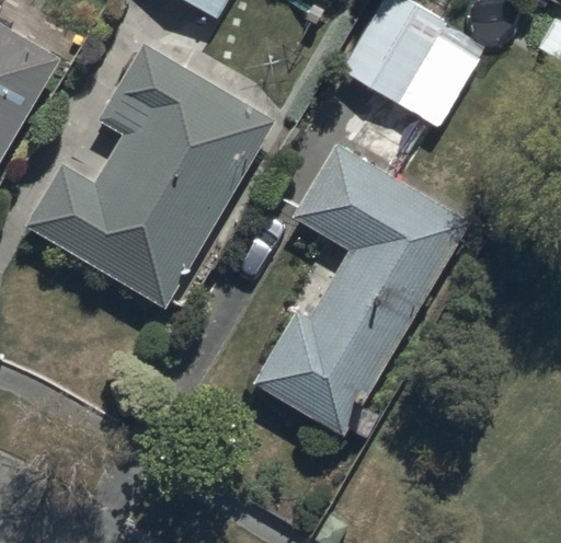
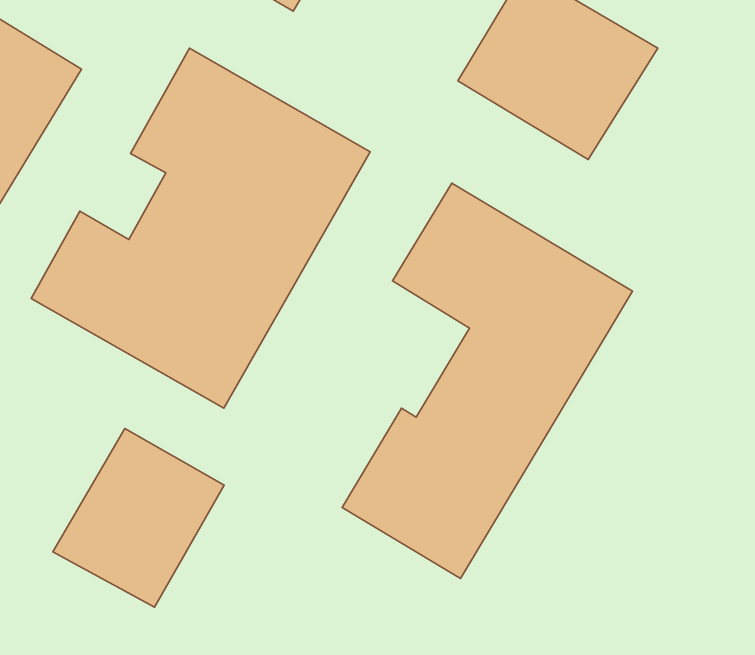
building: none -> [53,429,224,607]

